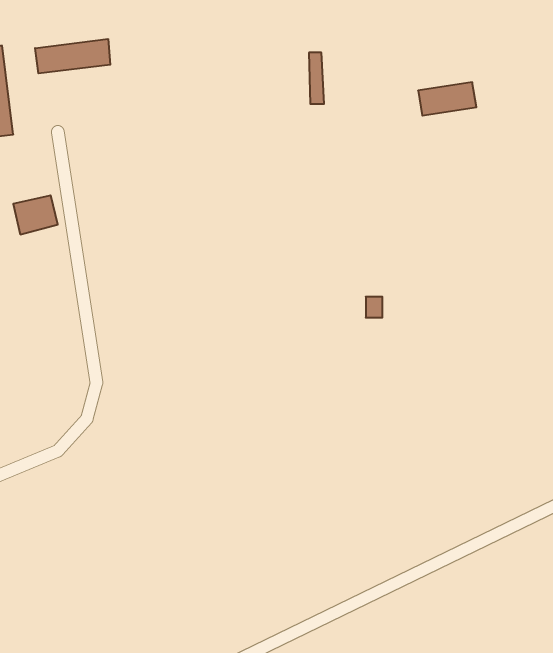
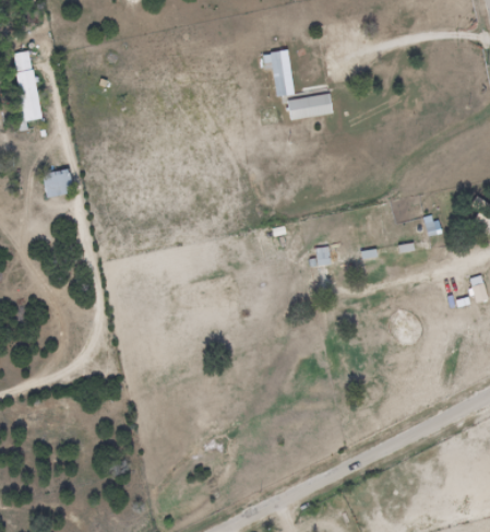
building: [35,39,110,73] -> none
building: [418,82,476,116] -> [287,93,333,119]

